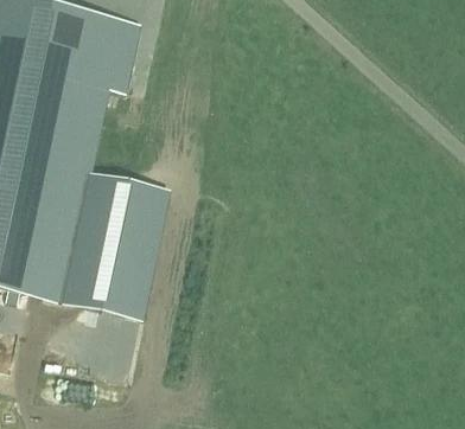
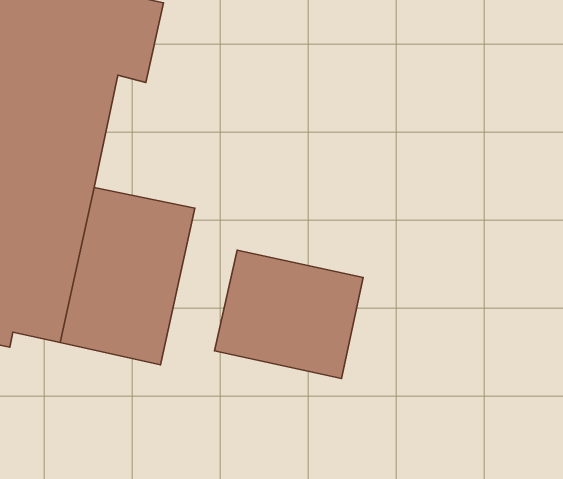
building: none -> [214,250,363,379]

